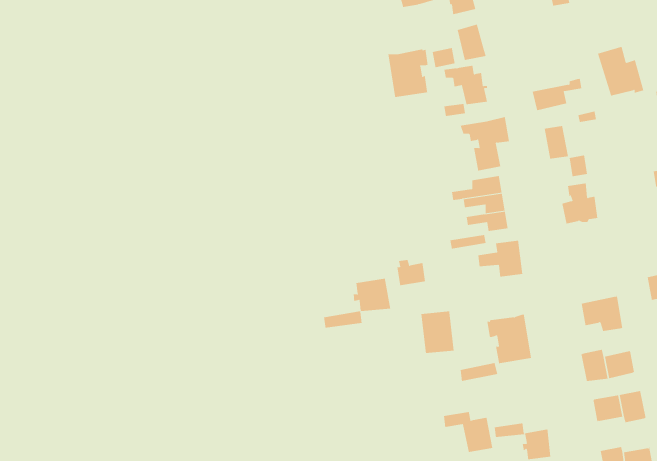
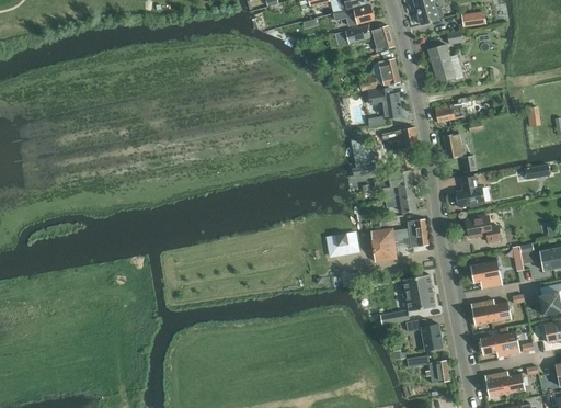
building: [597,46,644,96] -> [427,45,462,82]
building: [388,48,428,98] -> none
building: none -> [465,216,501,242]
building: [324,278,391,329] -> none
building: [421,311,455,354] -> [371,229,397,261]
building: [443,411,493,453] -> [405,319,443,350]

